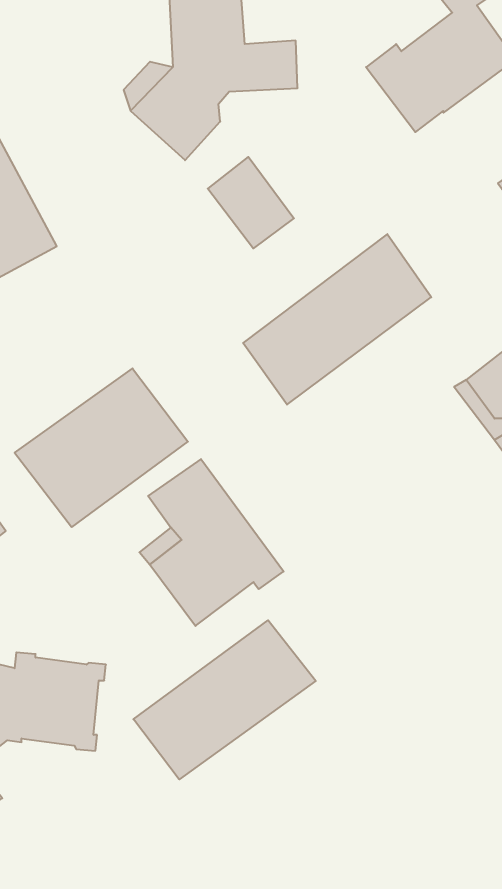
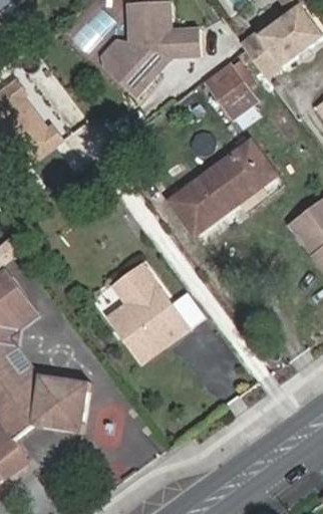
building: [208,157,294,248] -> [205,61,254,113]
building: [15,368,188,527] -> none
building: [133,620,316,779] -> none

